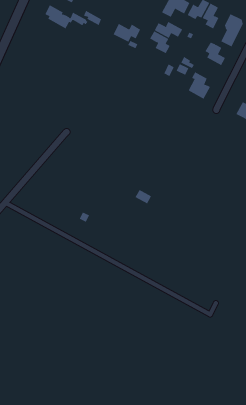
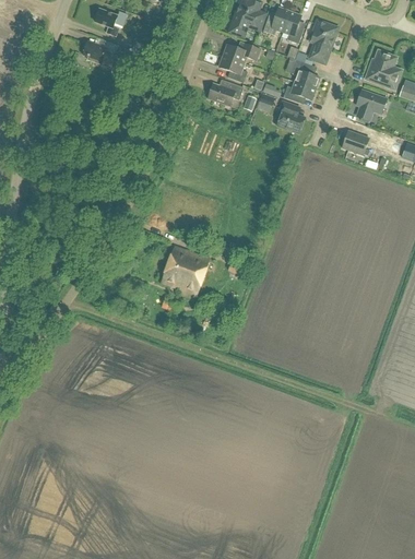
building: [113,23,141,43] -> [207,81,242,105]
building: none -> [283,80,315,102]
building: none -> [161,245,210,294]

